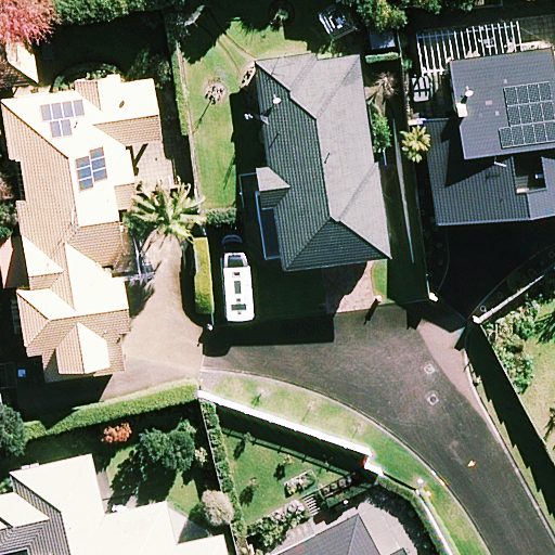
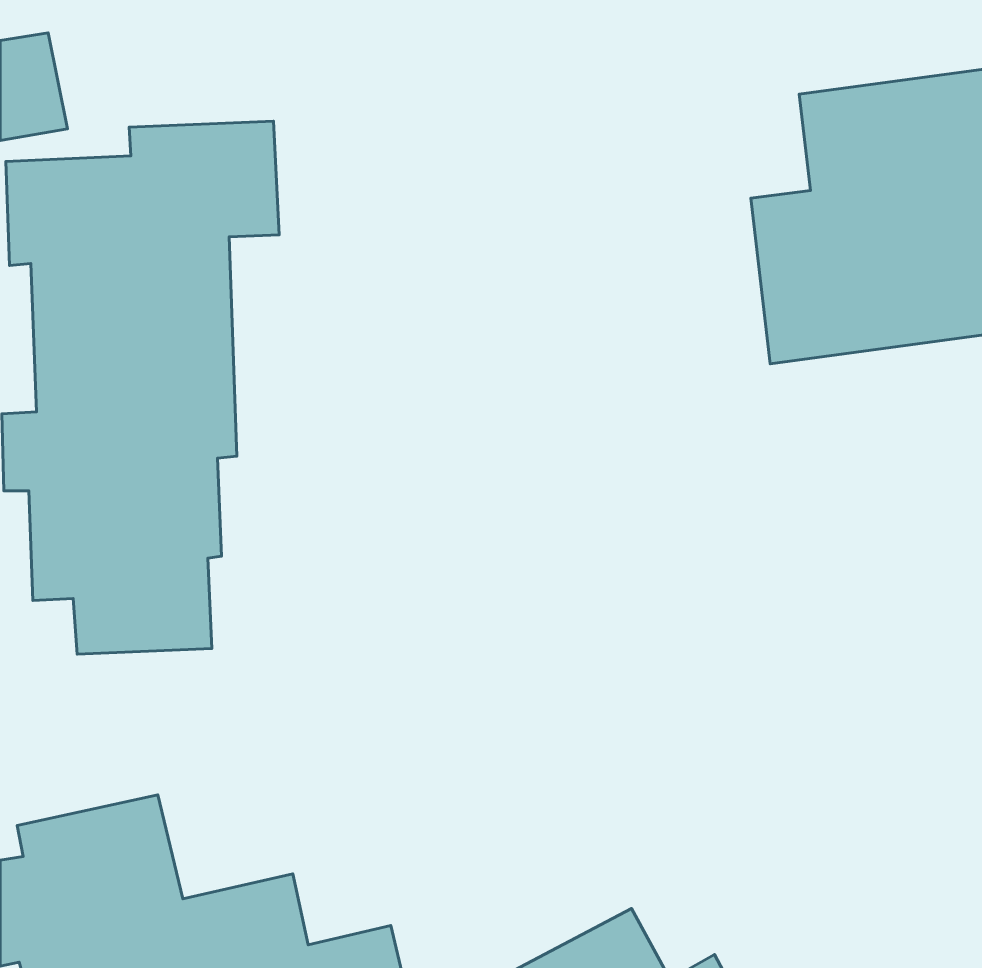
building: [256,54,385,260] -> none

